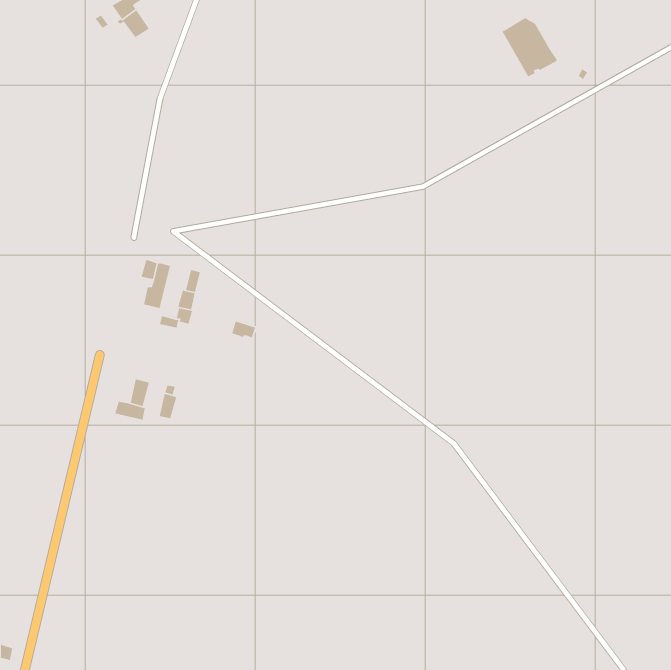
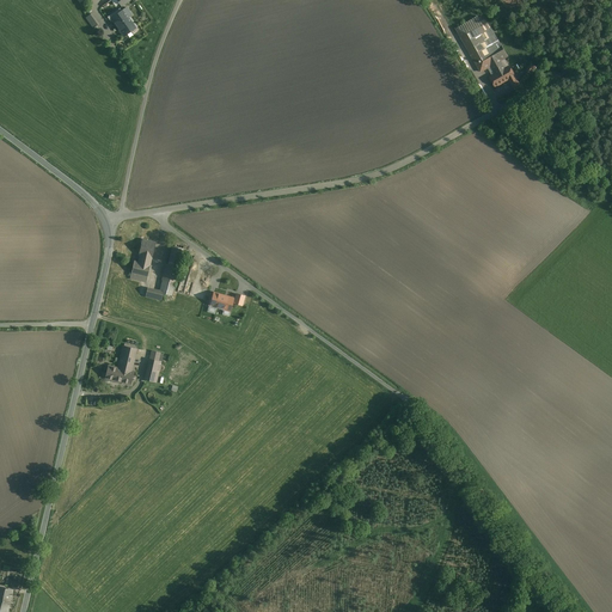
building: none -> [486,57,521,88]

